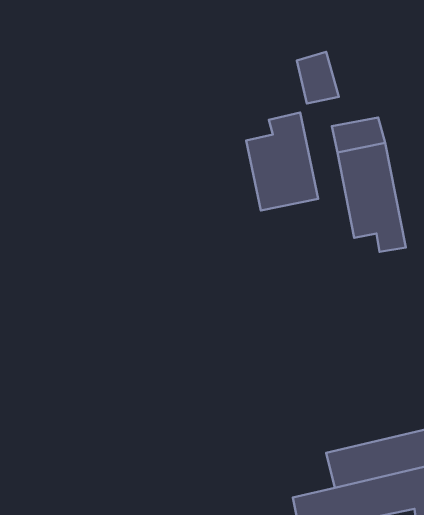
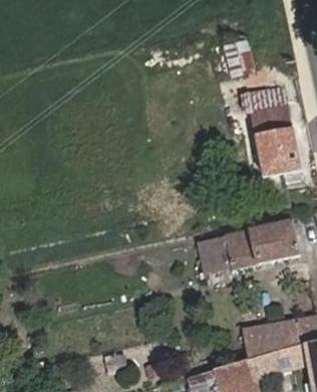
building: [246,113,318,210] -> none
building: none -> [201,218,299,270]

